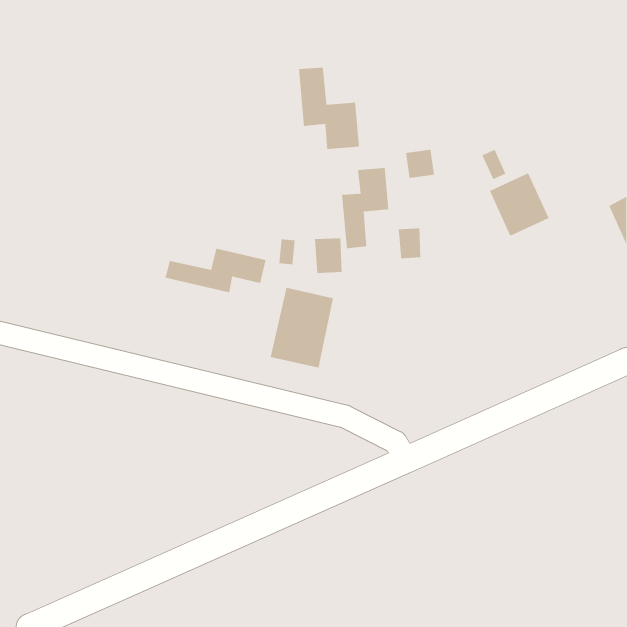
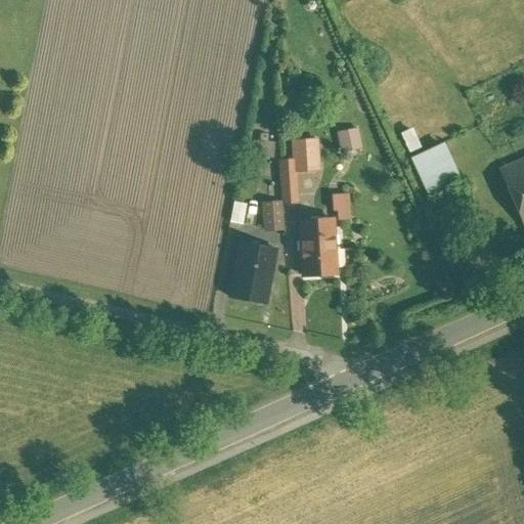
building: [299,67,360,150] -> none
building: [165,248,266,293] -> none
building: none -> [301,219,341,275]

